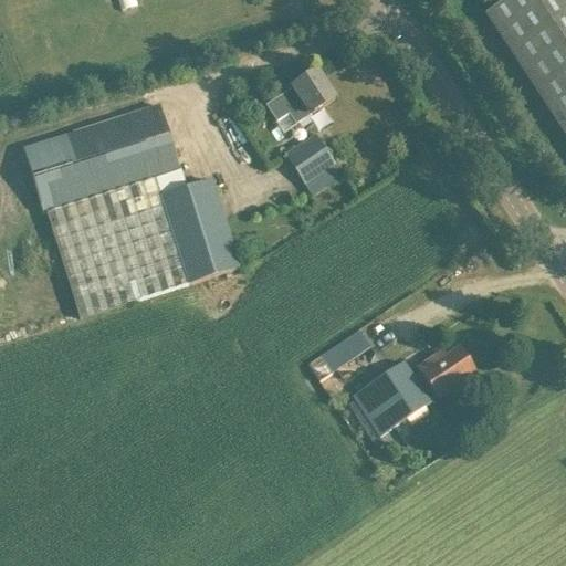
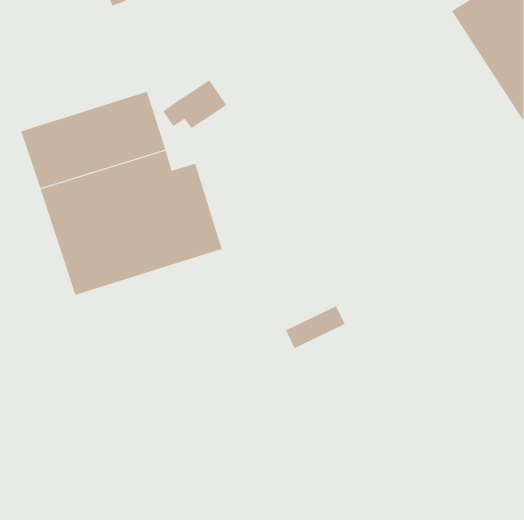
building: [265,69,335,122] -> [163,80,227,129]
building: [284,130,344,195] -> none
building: [354,347,475,434] -> none

